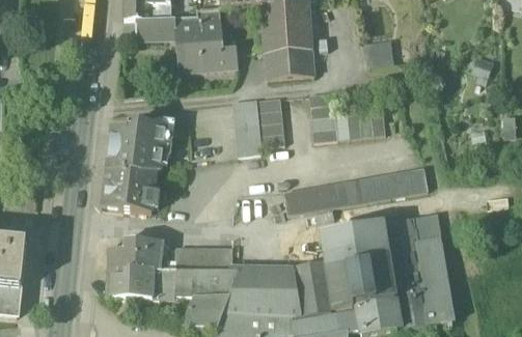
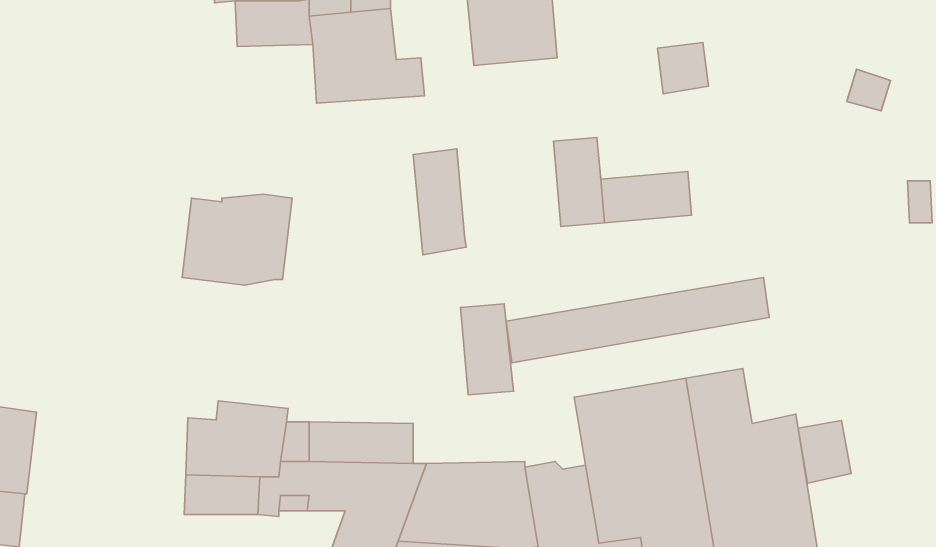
building: [266,48,314,78] -> none
building: [256,95,285,145] -> [461,304,514,395]
building: [102,168,157,212] -> none
building: [413,214,442,248] -> [798,421,851,483]

